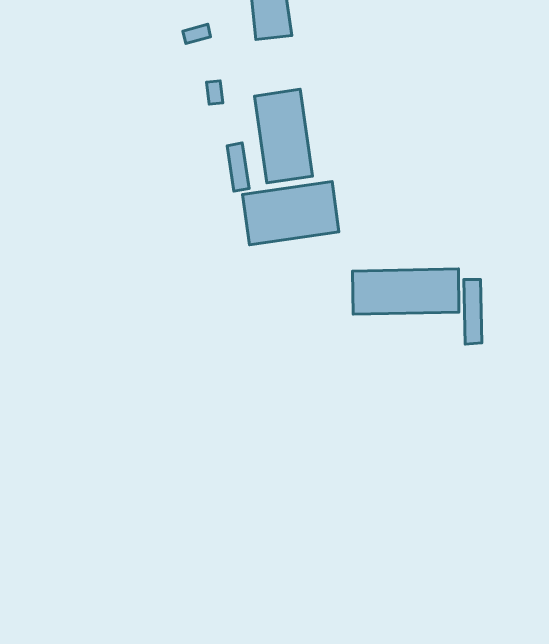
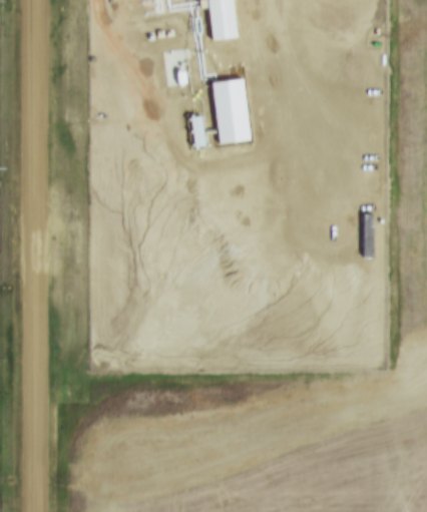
building: [243,182,339,245] -> none
building: [353,269,459,314] -> none

